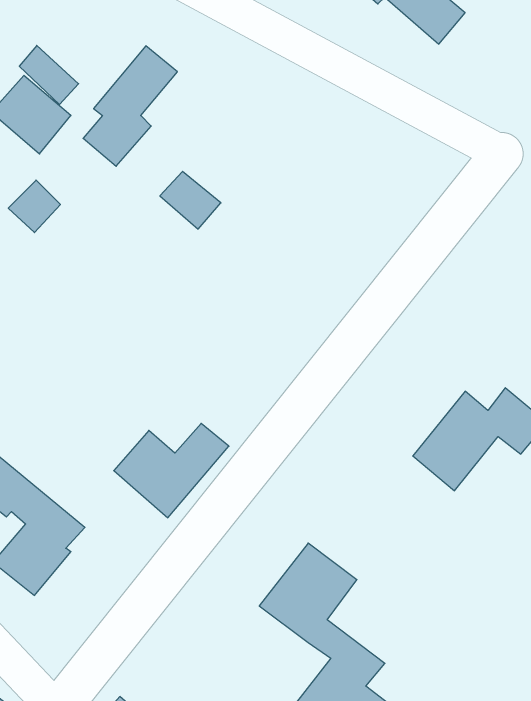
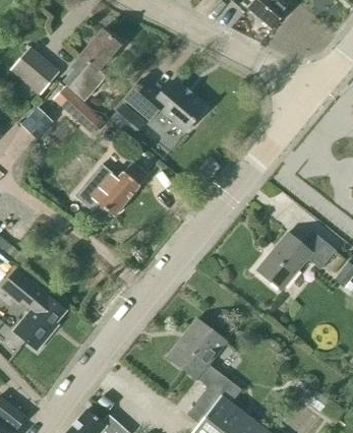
building: [19,45,79,105] -> [54,87,89,122]
building: none -> [124,79,204,135]
building: [114,423,229,518] -> [81,163,149,218]

